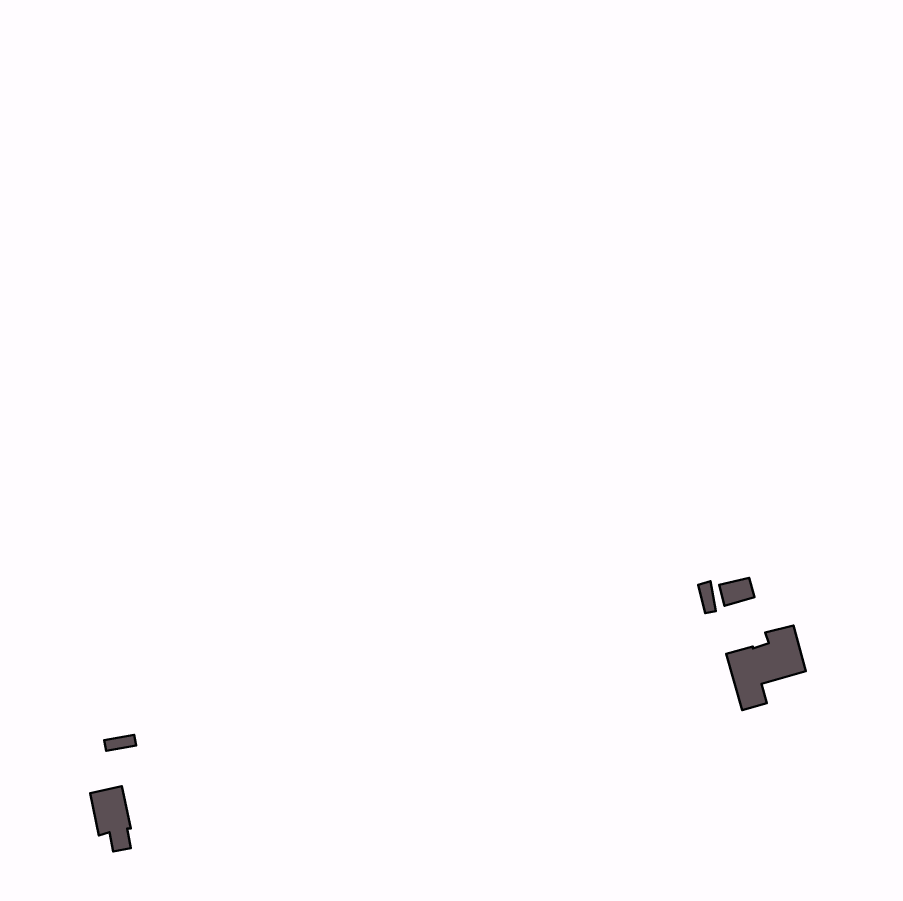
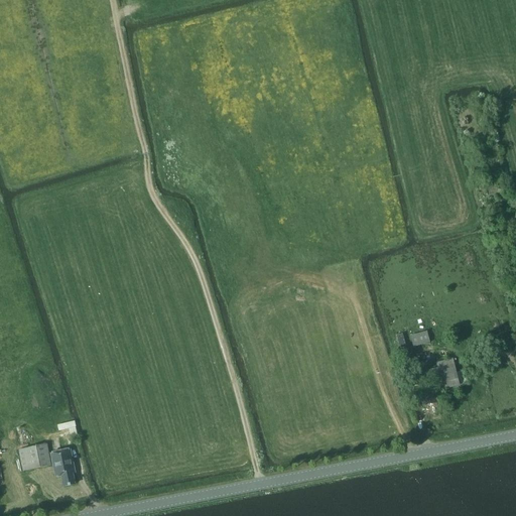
building: none -> [19,443,51,471]

